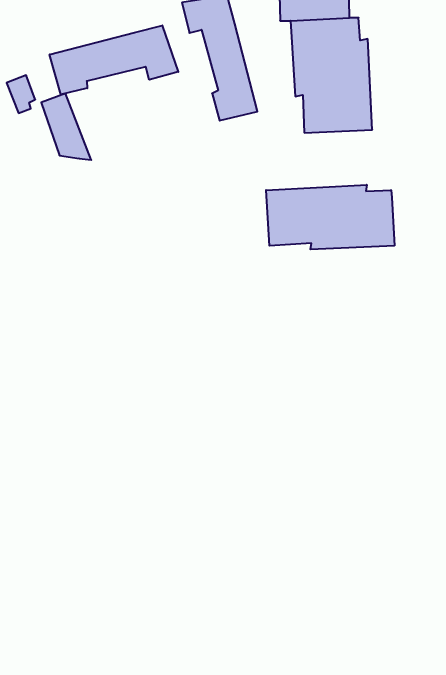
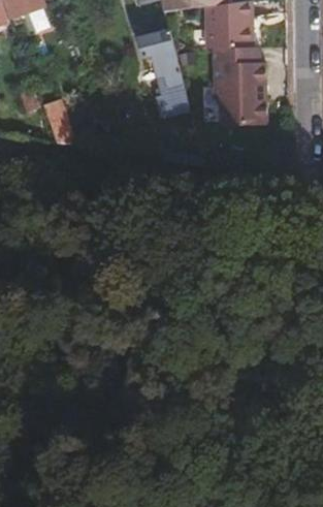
building: [50,25,178,95] -> none
building: [266,185,394,249] -> none

